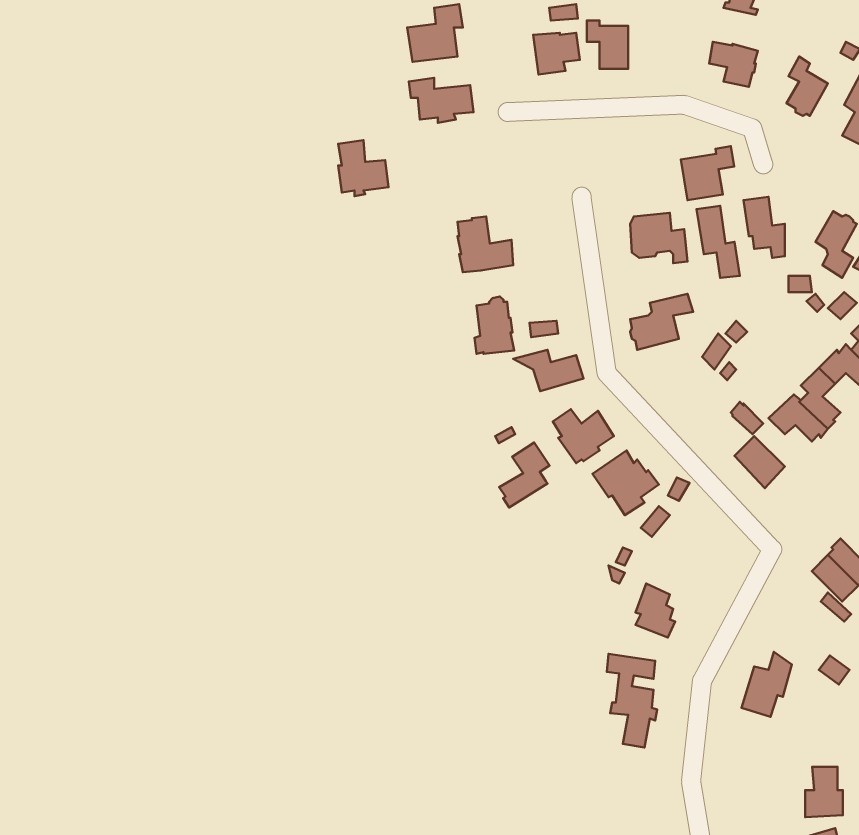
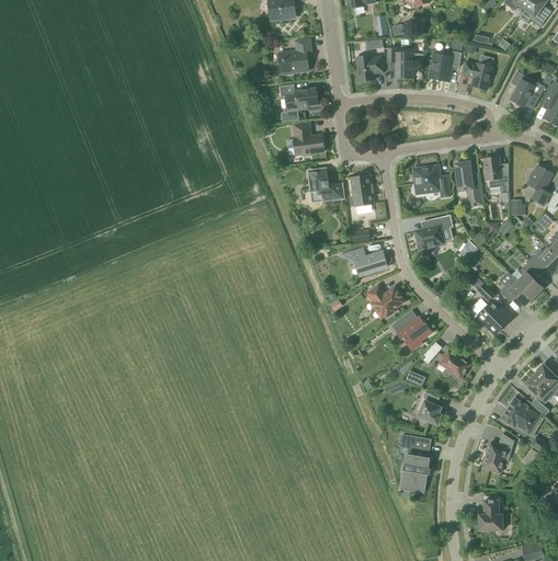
building: none -> [429,50,462,81]
building: [338,140,389,196] -> [294,123,324,157]
building: [681,146,734,200] -> none
building: [475,296,514,354] -> [350,171,374,206]
building: [499,442,549,507] -> none
building: none -> [440,350,470,378]
building: none -> [501,398,535,430]
building: [805,767,843,817] -> [479,500,502,530]

